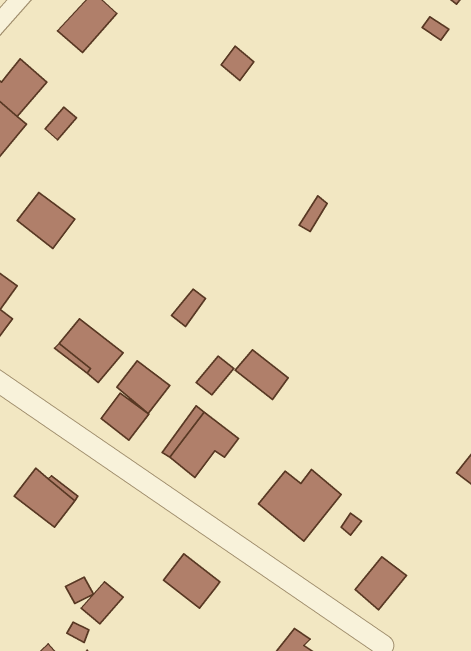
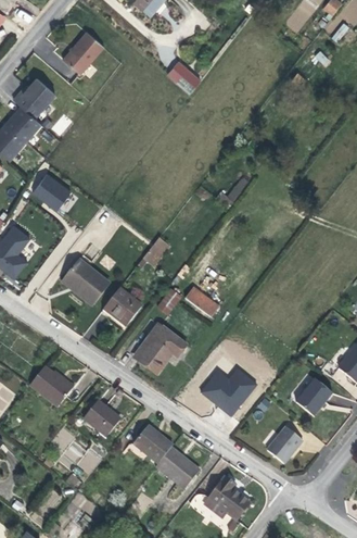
building: [101,393,149,440] -> none
building: none -> [296,379,333,416]
building: none -> [85,400,120,436]
building: none -> [156,448,201,488]

